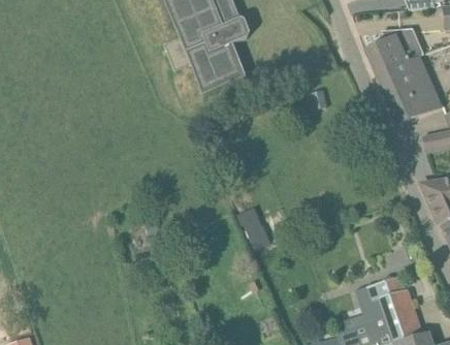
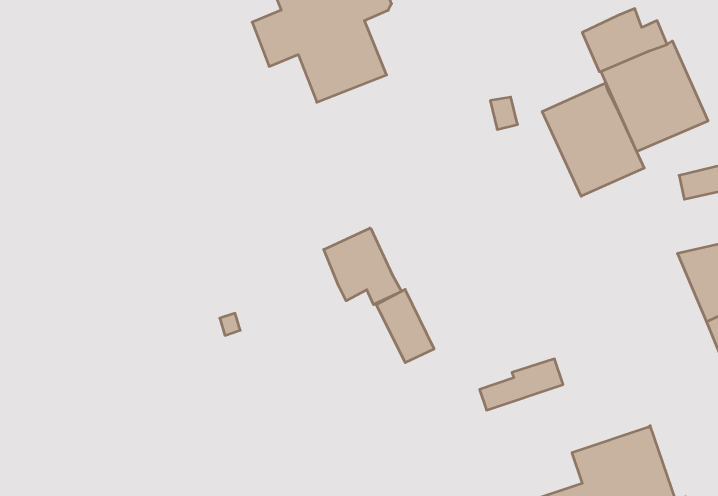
building: none -> [542,83,644,196]
building: none -> [324,228,401,305]
building: [354,274,405,305] -> [480,359,563,410]

